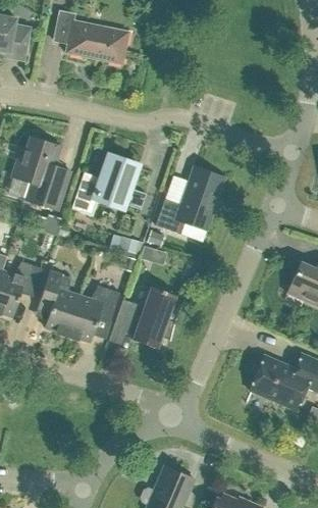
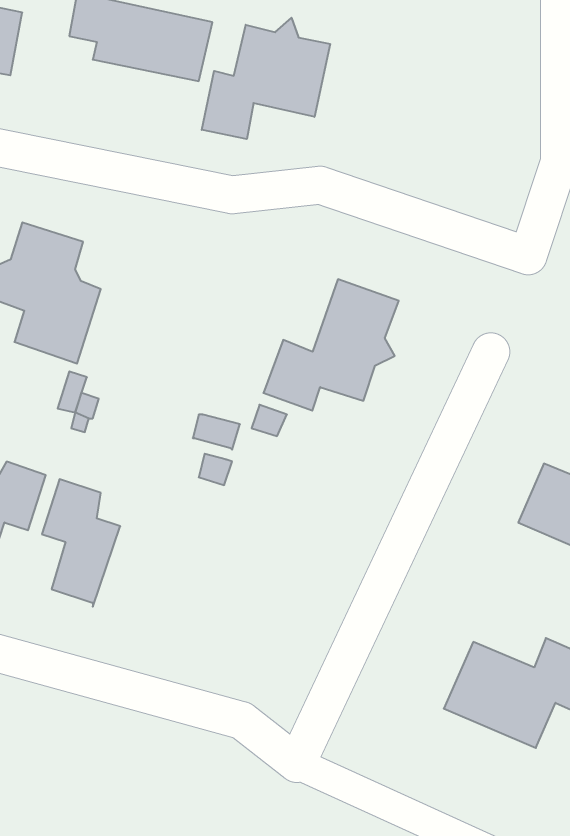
building: none -> [202,18,330,139]
building: [71,154,146,215] -> none
building: [66,286,119,342] -> none
building: [114,286,185,348] -> none

